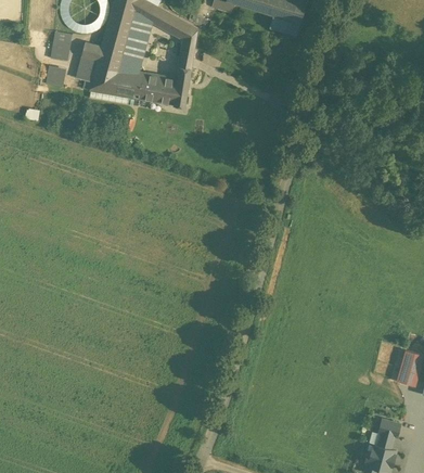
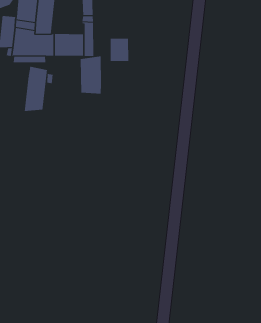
building: none -> [110,38,129,62]
building: none -> [24,66,47,112]
building: none -> [80,55,102,95]

